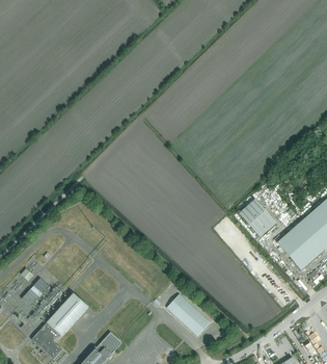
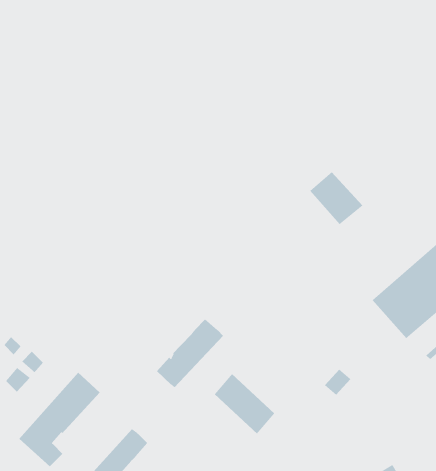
building: [240,198,277,235] -> [310,171,363,225]
building: none -> [156,318,224,388]

